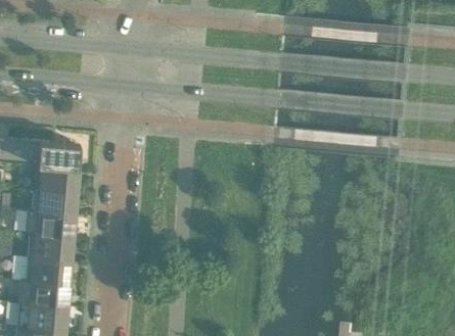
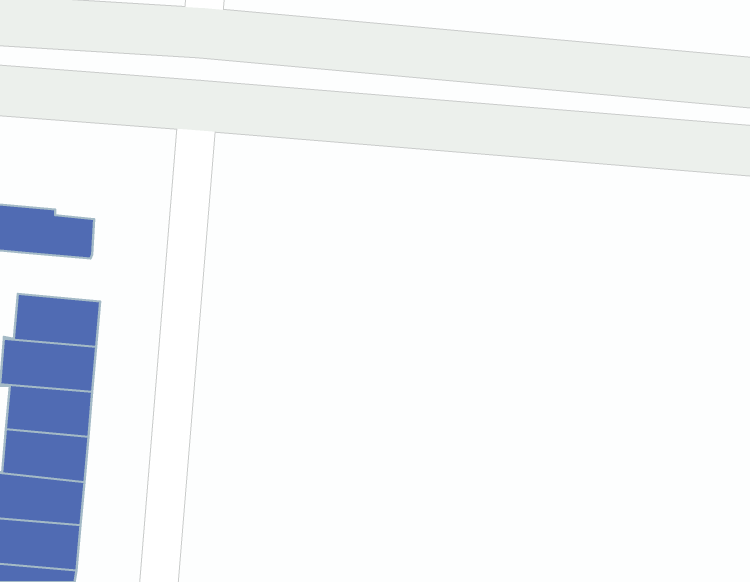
building: [32,163,77,189] -> none

